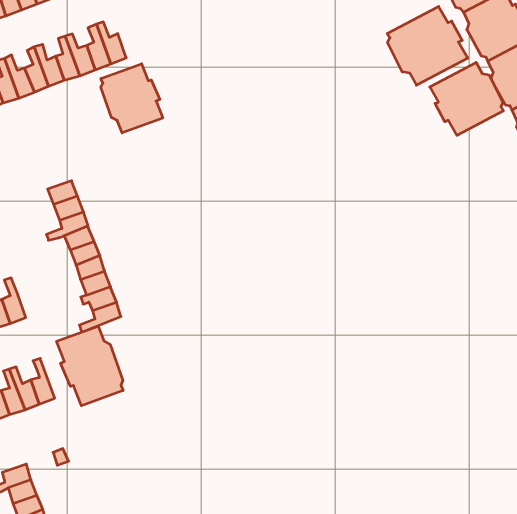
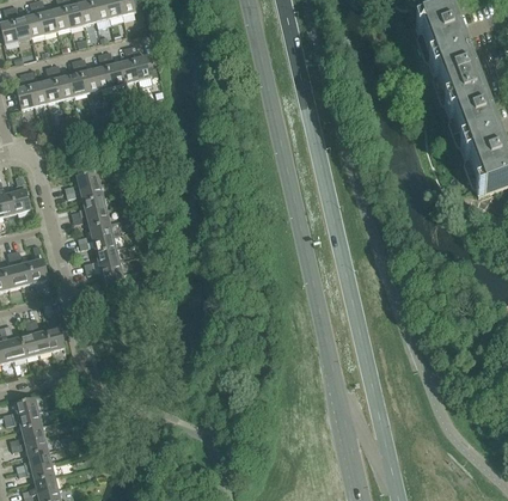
building: [387,6,468,85] -> none
building: [430,62,503,135] -> none
building: [101,64,163,133] -> none
building: [57,326,123,406] -> none

